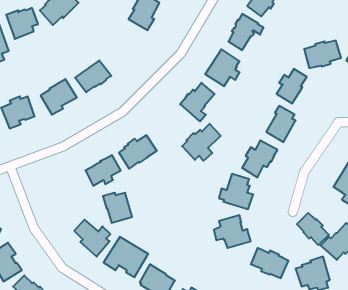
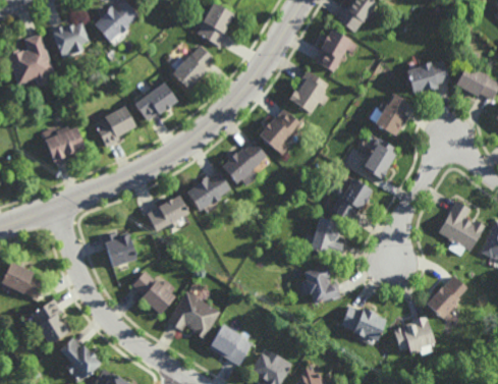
building: none -> [171,46,213,89]
building: [182,124,221,161] -> [221,141,267,184]
building: [103,193,132,223] -> [103,231,137,267]
building: [297,213,329,245] -> none

